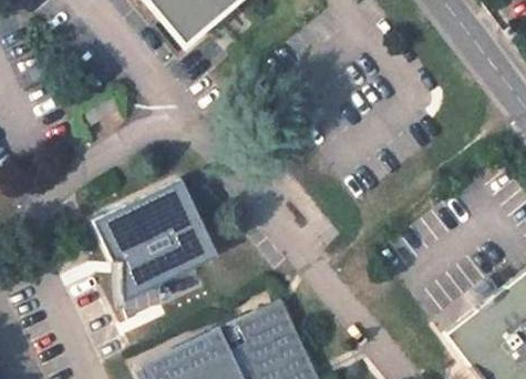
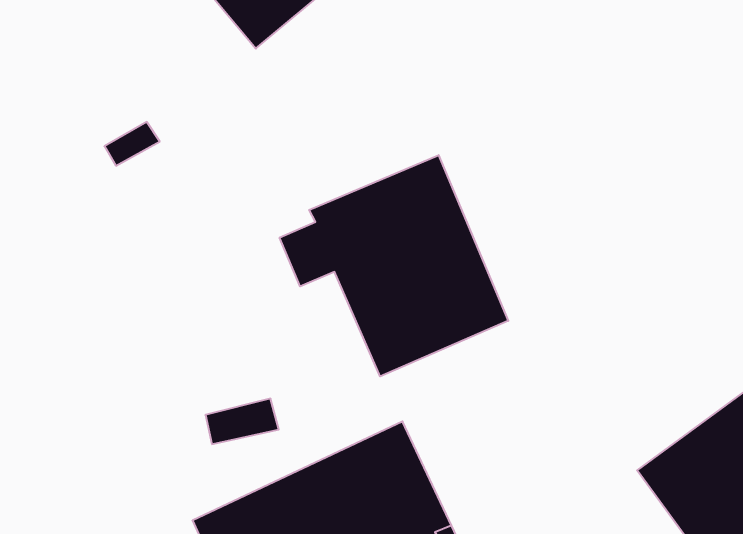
building: none -> [280,155,508,376]
building: [94,177,218,299] -> none

